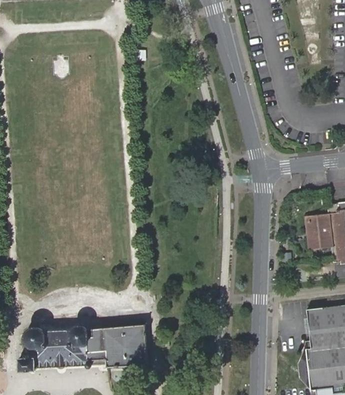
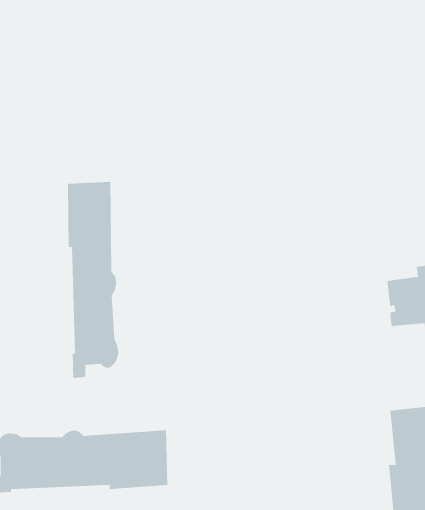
building: none -> [68,181,119,379]

